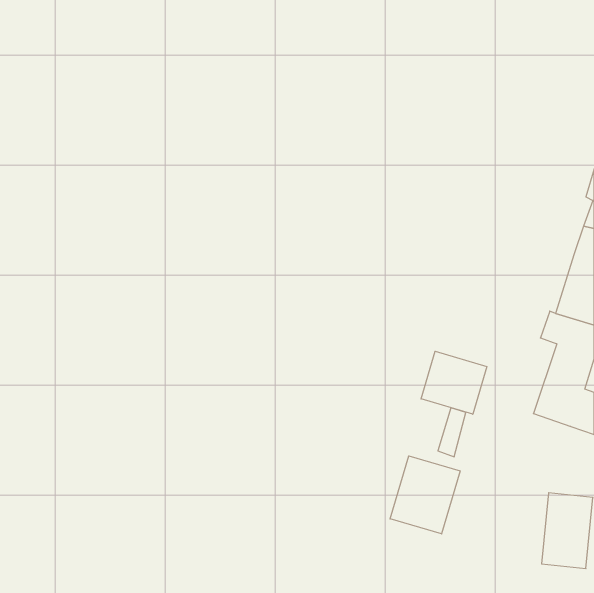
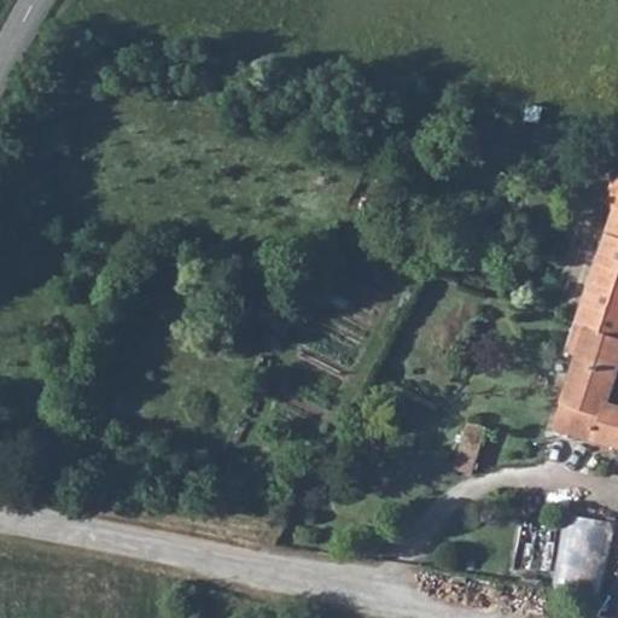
building: [421,351,487,414] -> none
building: [390,456,460,534] -> none

